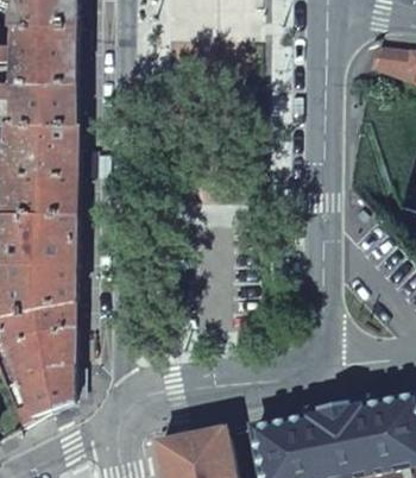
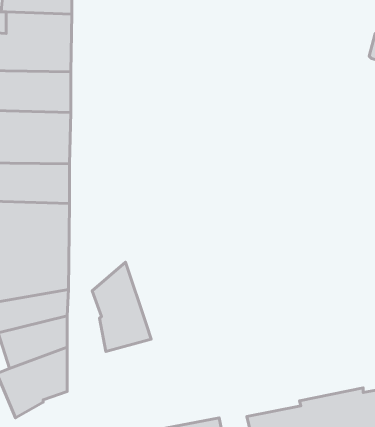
building: none -> [92,262,151,352]

